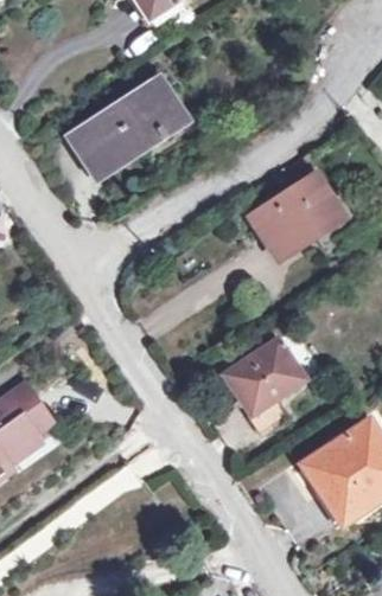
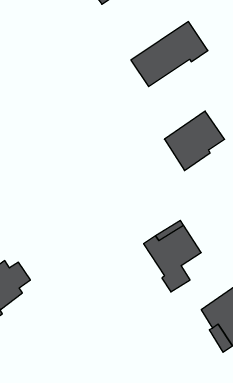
building: [71,79,185,175] -> [131,22,208,87]

